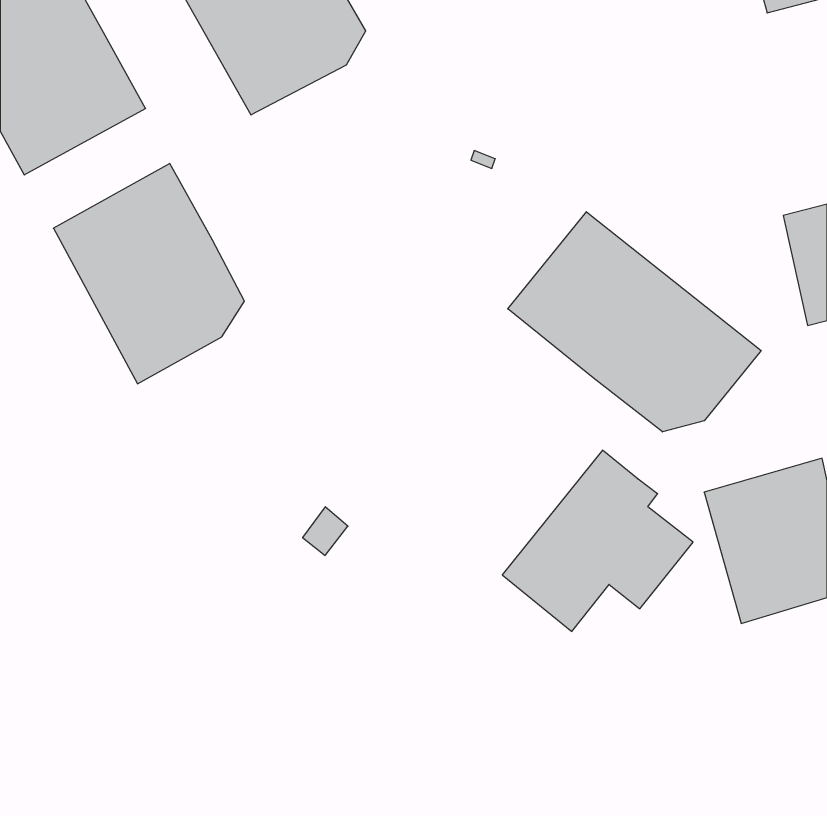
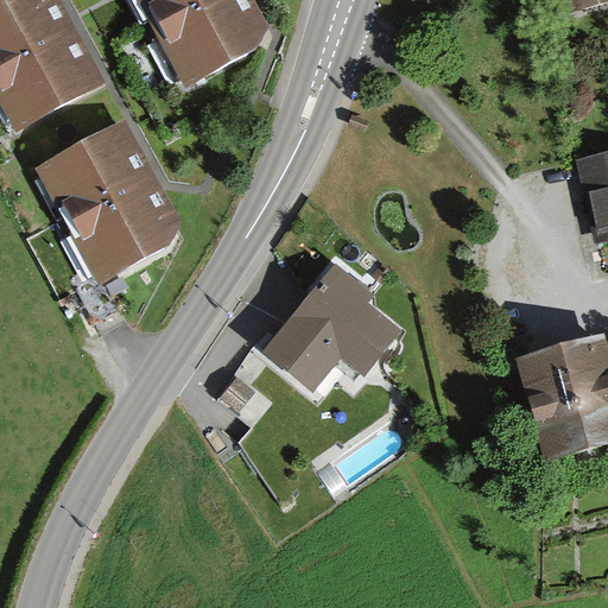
building: [508,212,761,432] -> none
building: [502,450,693,631] -> [262,260,403,393]

